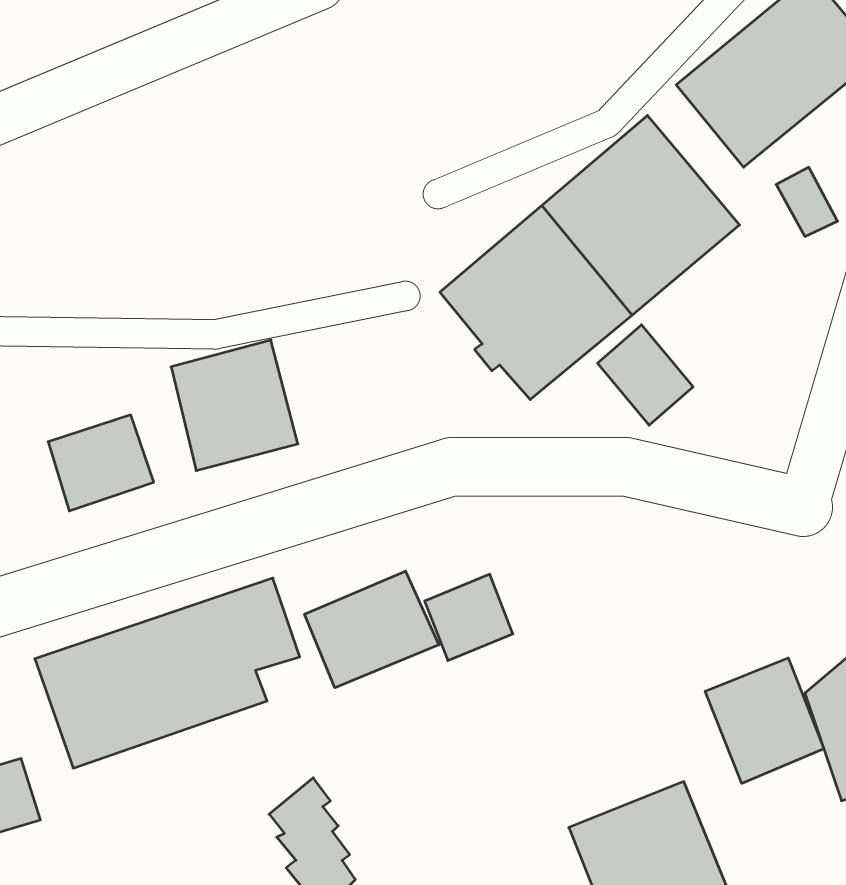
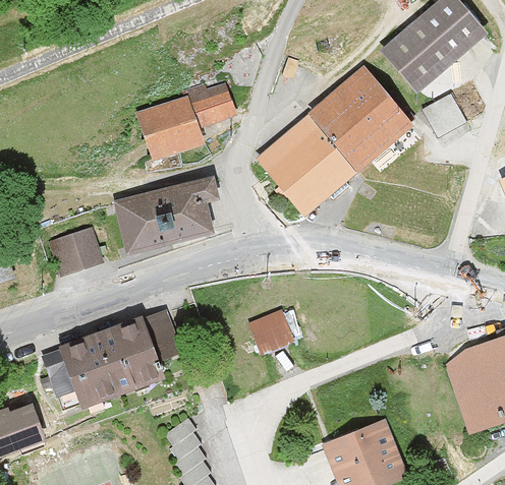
building: none -> [142,83,235,160]
building: none -> [166,174,220,240]
building: [598,325,693,425] -> none
building: [305,571,439,688] -> none
building: [705,658,824,783] -> none

